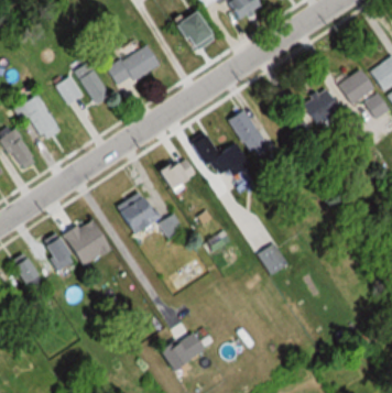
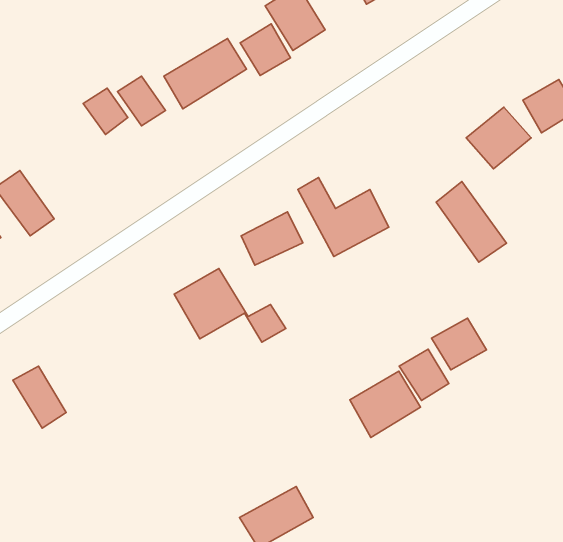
building: none -> [240,24,291,75]
building: [13,91,59,141] -> none
building: [228,108,273,160] -> [436,181,506,262]
building: [43,218,111,272] -> none
building: none -> [432,318,487,370]
building: none -> [350,371,420,438]

